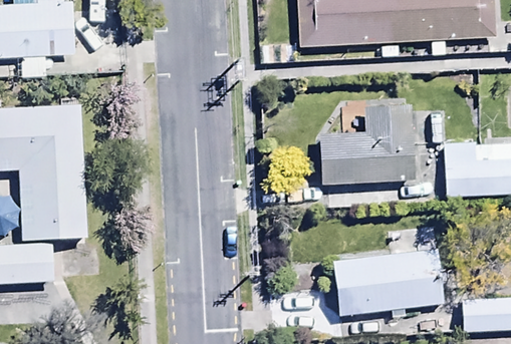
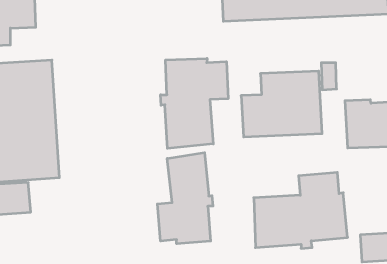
building: none -> [161,58,228,148]
building: none -> [157,153,213,244]

